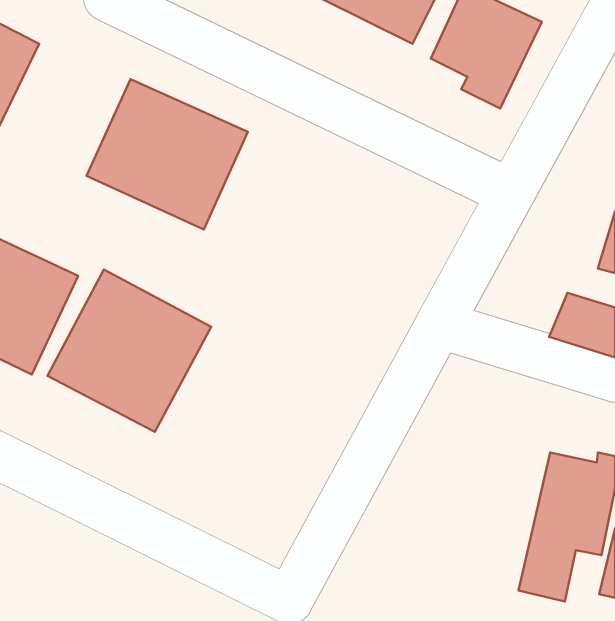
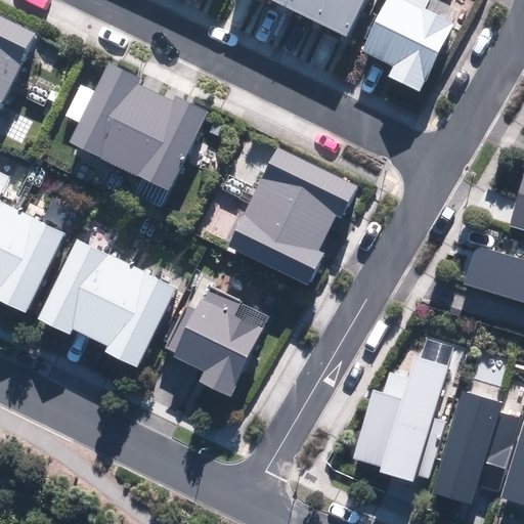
building: none -> [228,147,357,286]
building: none -> [170,287,266,397]
building: none -> [349,352,448,480]

